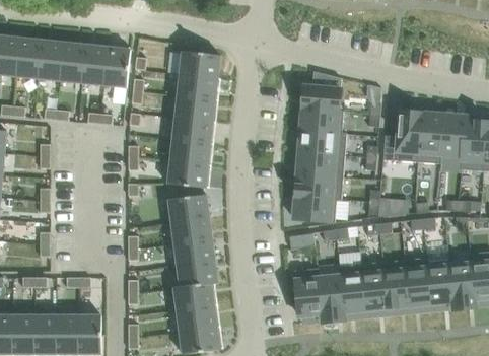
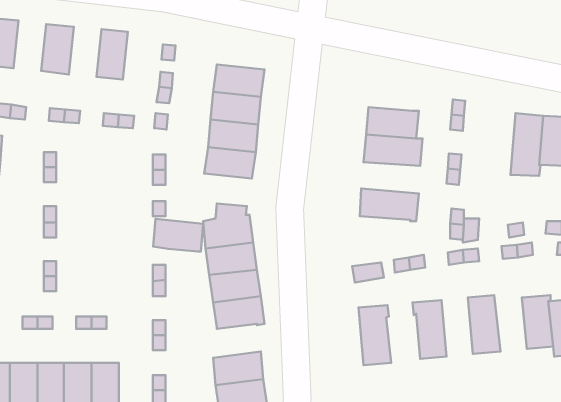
building: [15,38,42,78] -> none
building: [60,43,86,83] -> none
building: [103,47,130,88] -> none
building: [180,51,220,77] -> none
building: [302,71,341,111] -> none
building: [382,111,421,162] -> none
building: [296,152,344,177] -> none
building: [167,161,208,188] -> [153,219,203,251]
building: [293,196,336,222] -> none
building: [404,257,430,305] -> none
building: [361,262,387,309] -> none
building: [317,275,345,322] -> none
building: [173,283,215,310] -> none

